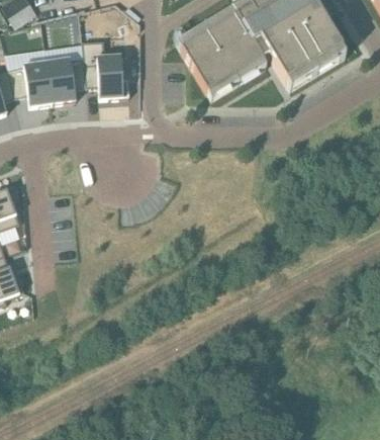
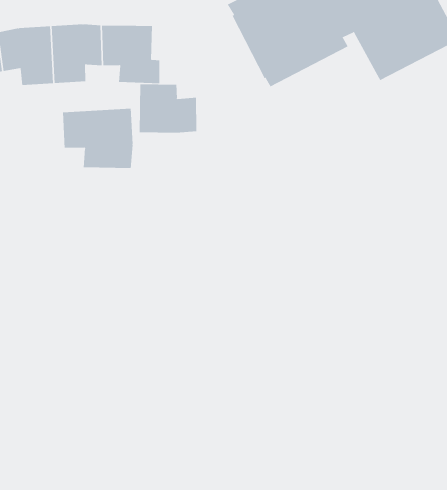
building: none -> [139,83,197,133]
building: none -> [62,108,133,169]

